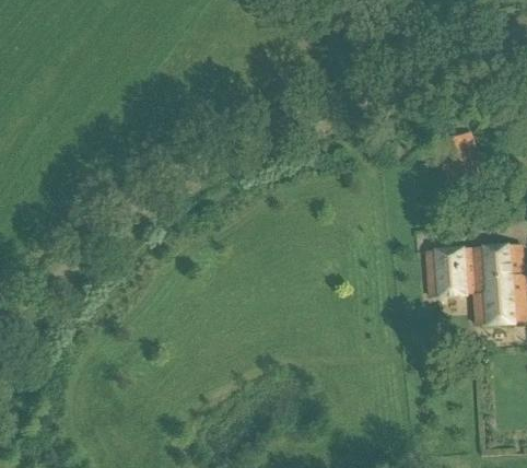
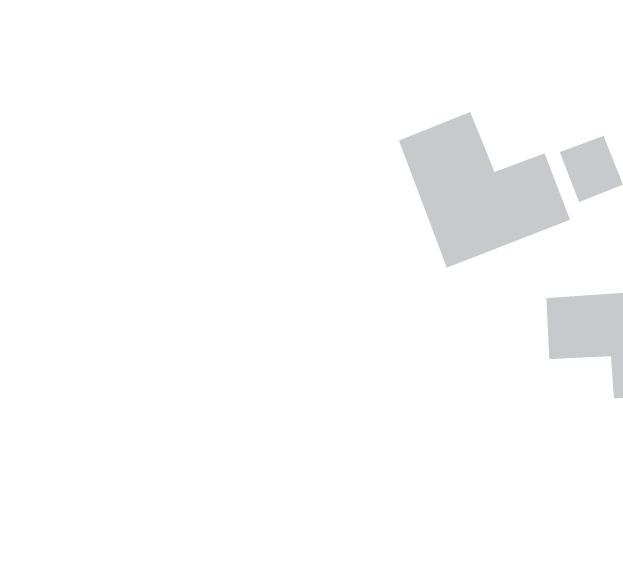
building: none -> [398,111,571,269]

